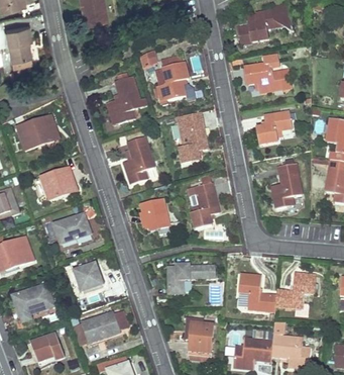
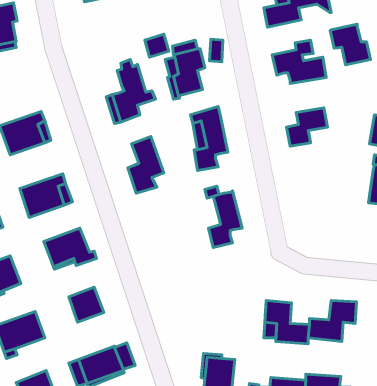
building: none -> [330,24,370,65]
building: [272,162,302,207] -> none
building: [141,198,171,236] -> none
building: [167,263,215,293] -> none

